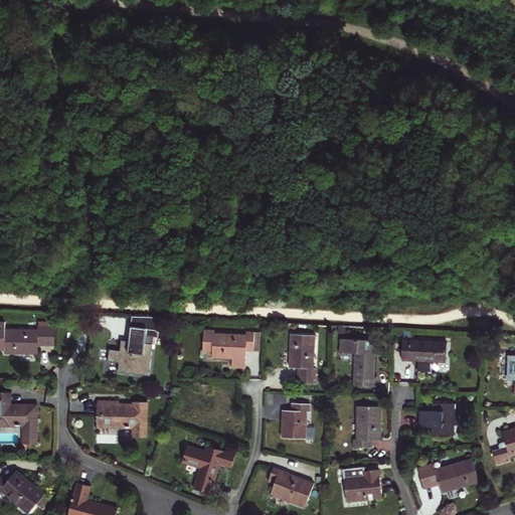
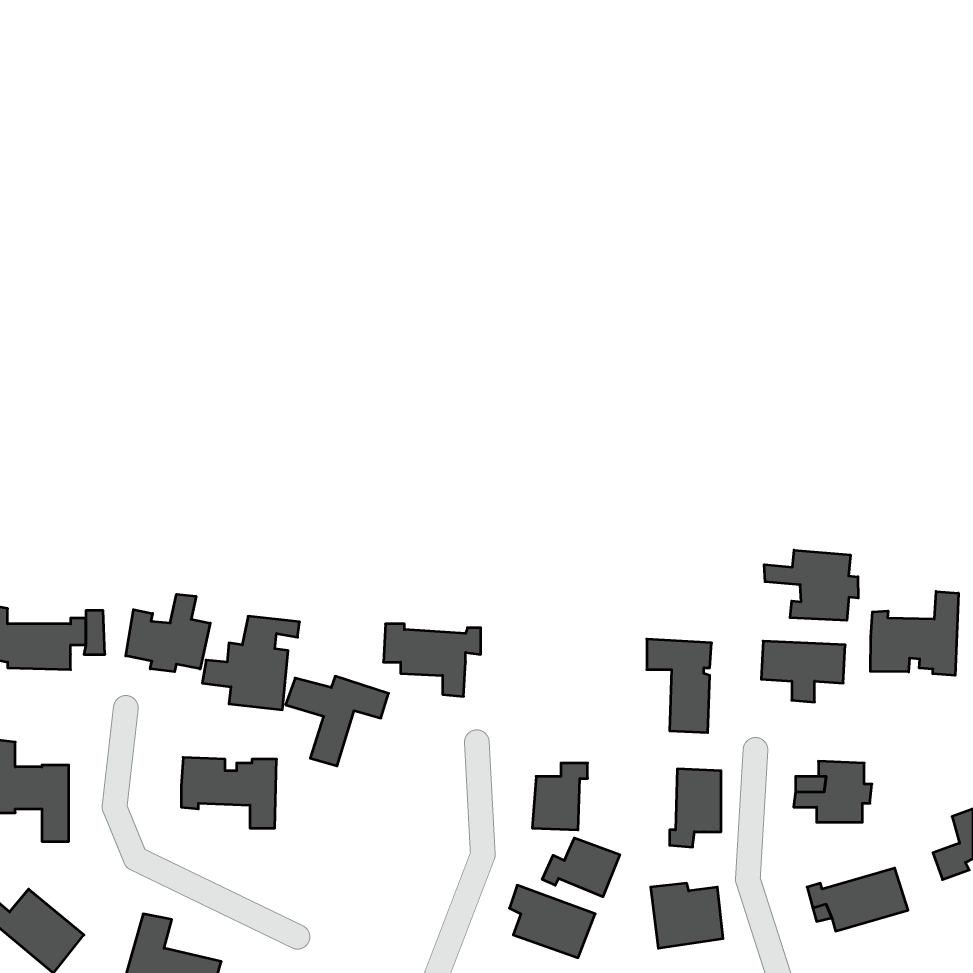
building: none -> [764,550,858,620]
building: none -> [870,591,958,675]
building: none -> [126,594,210,672]
building: [289,334,316,383] -> none
building: none -> [542,838,620,897]
building: [181,446,235,493] -> [286,676,389,766]

